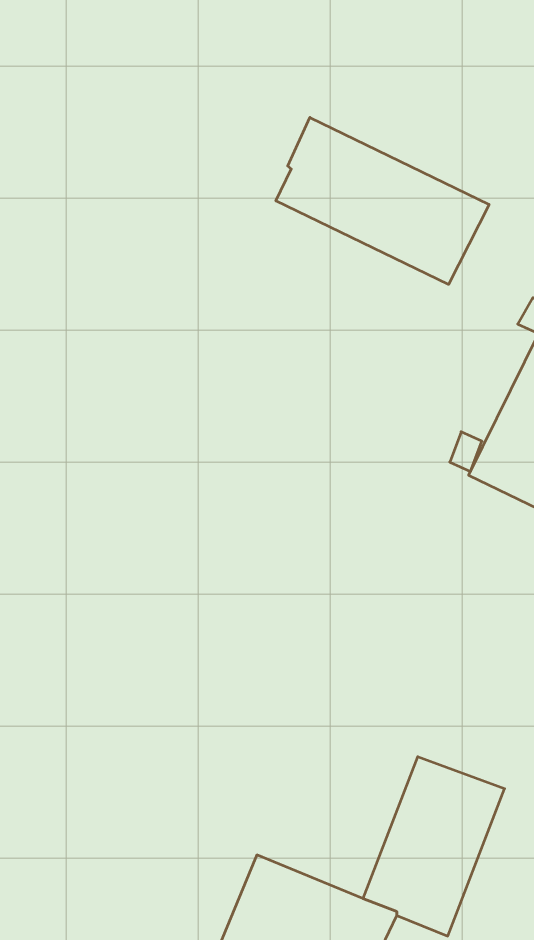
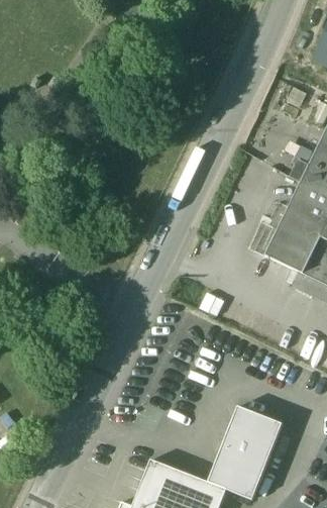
building: [276,117,489,284] -> none

